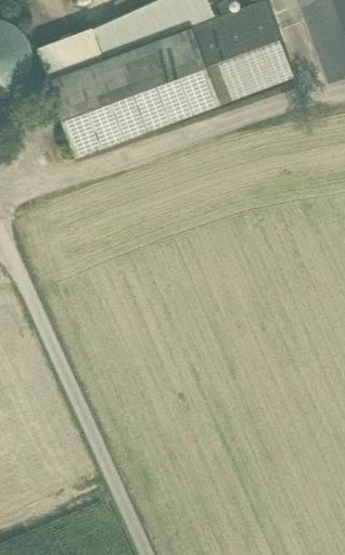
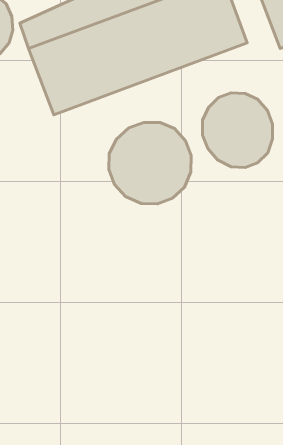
building: none -> [202,93,273,167]
building: none -> [109,122,191,204]

